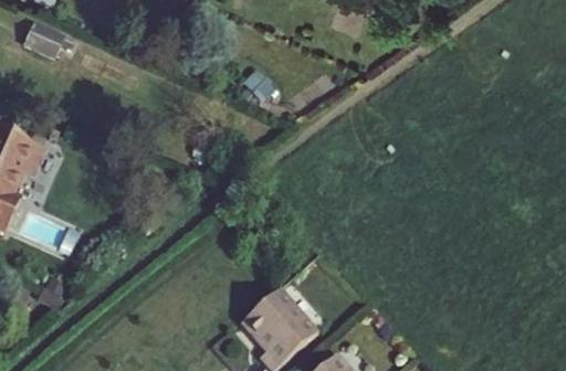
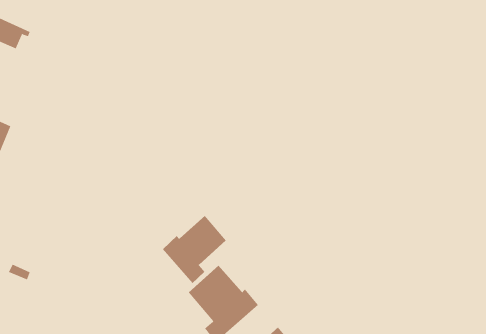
building: none -> [162,215,227,284]

